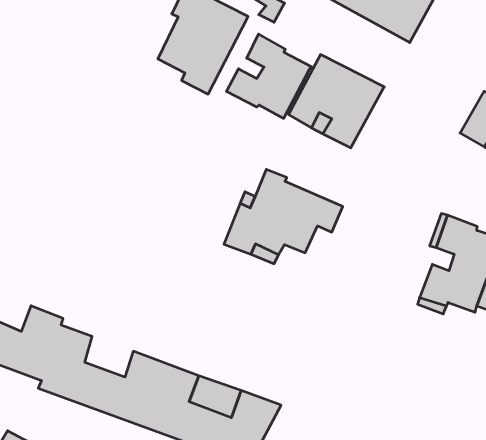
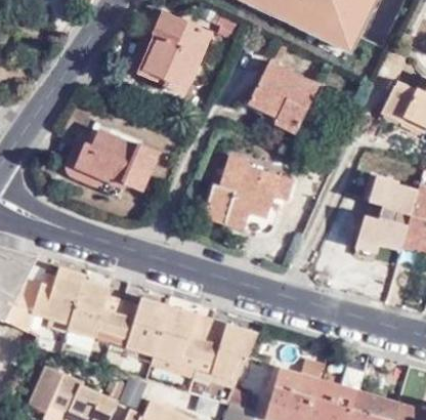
building: [226,34,311,118] -> none
building: none -> [77,126,160,185]

